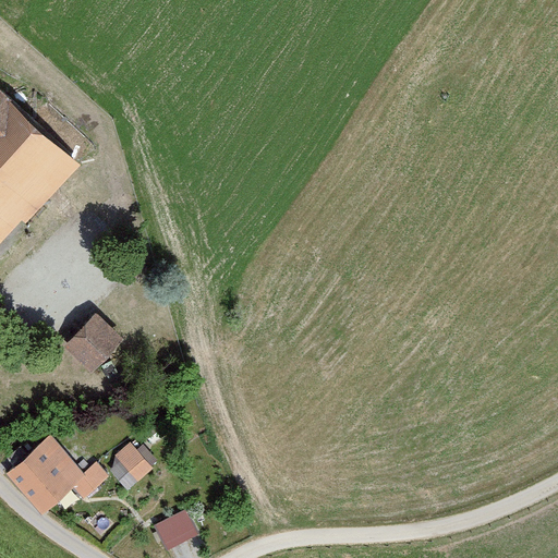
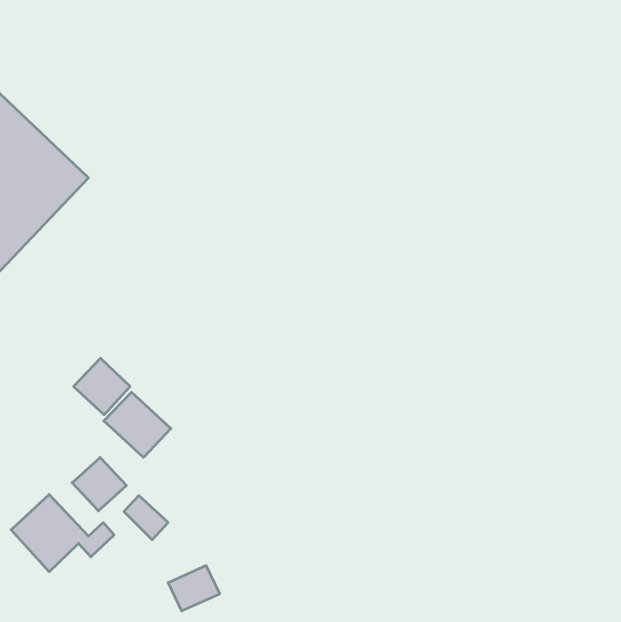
building: none -> [104,392,171,457]
building: none -> [72,457,126,511]

